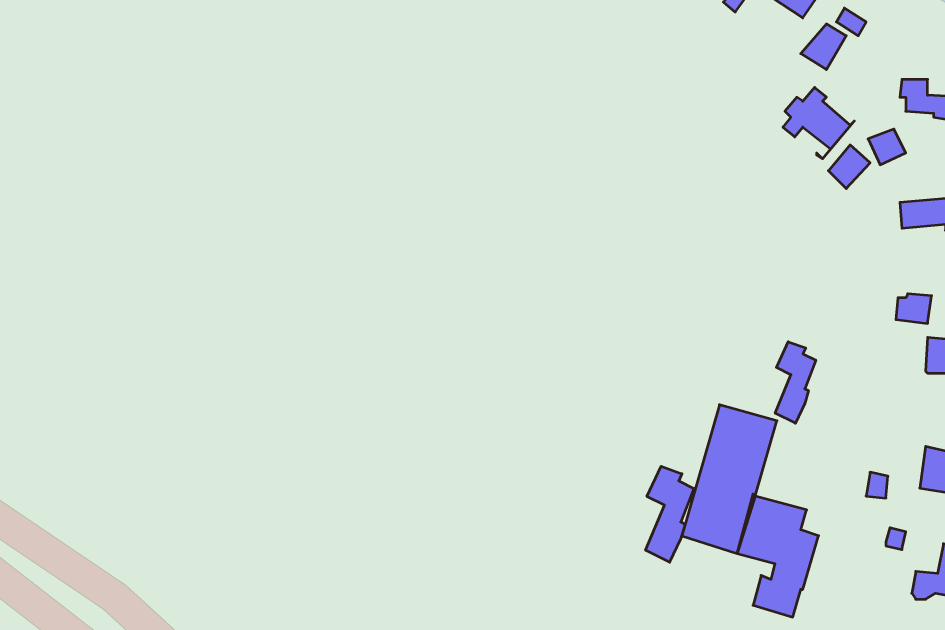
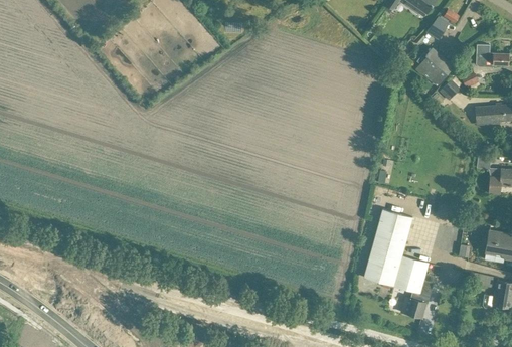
building: [775,342,816,423] -> none
building: [646,466,694,562] -> none

